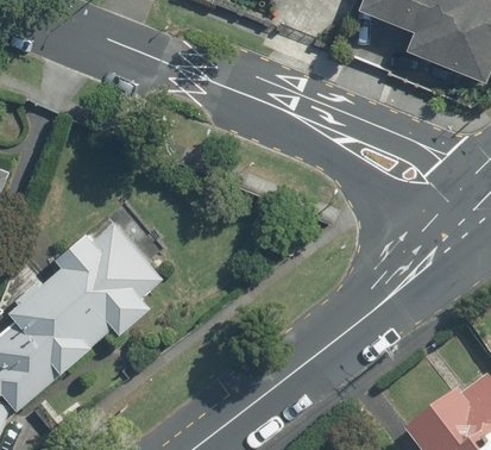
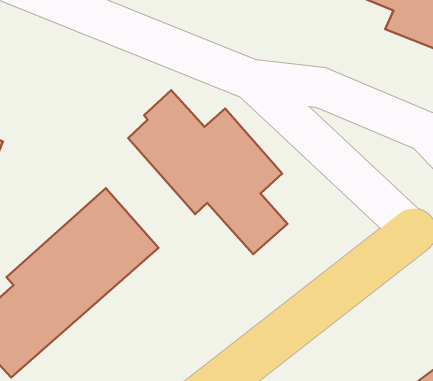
building: none -> [128,90,287,254]

